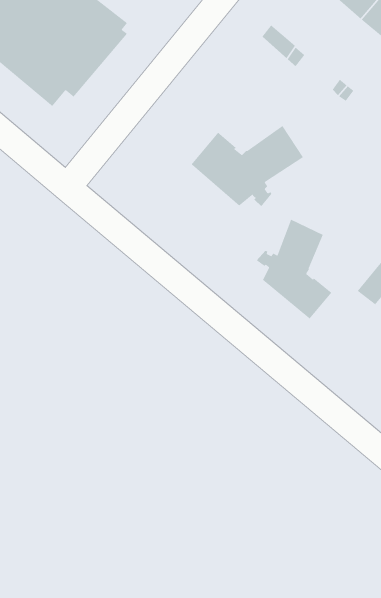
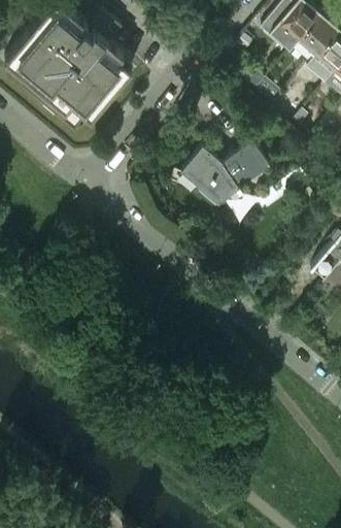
building: [256,219,332,320] -> none

